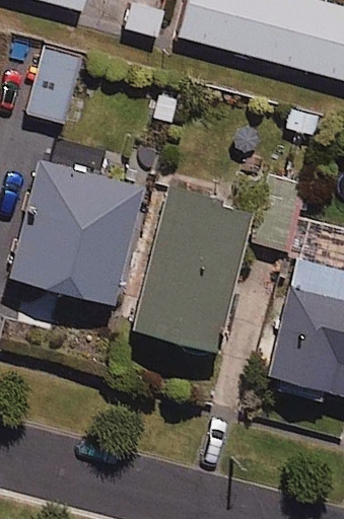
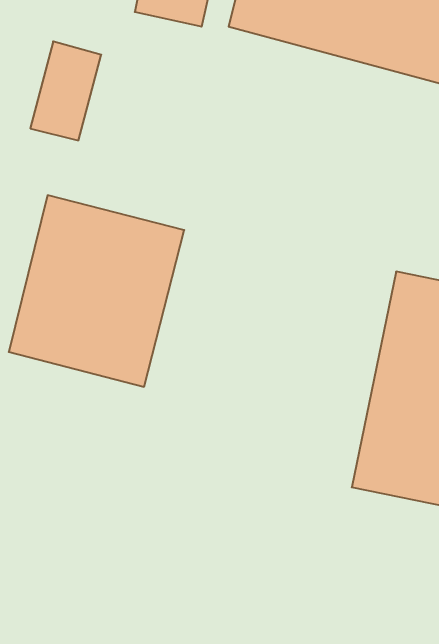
building: [133,187,253,351] -> none

